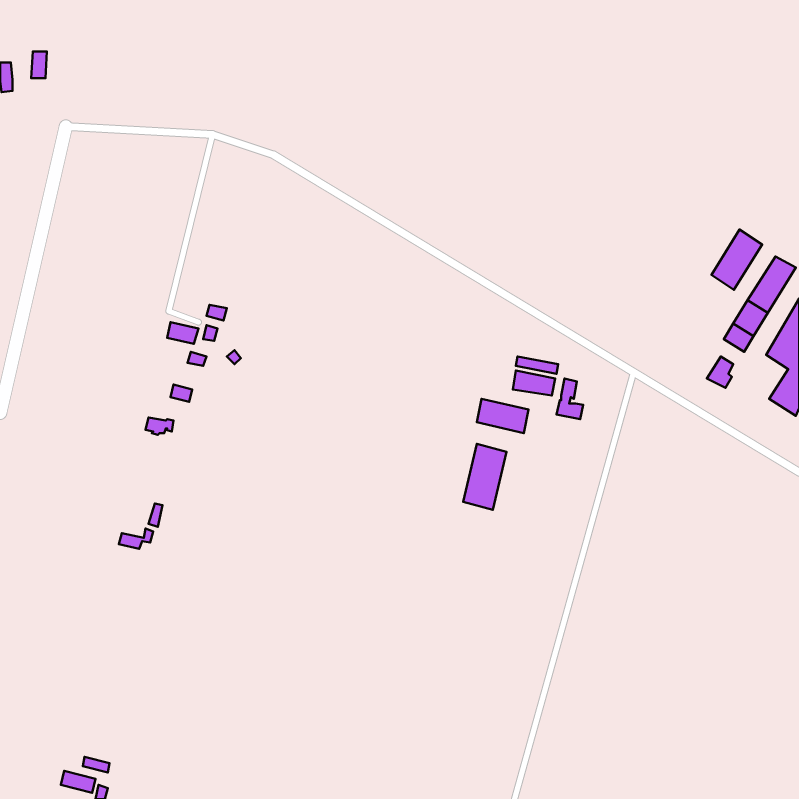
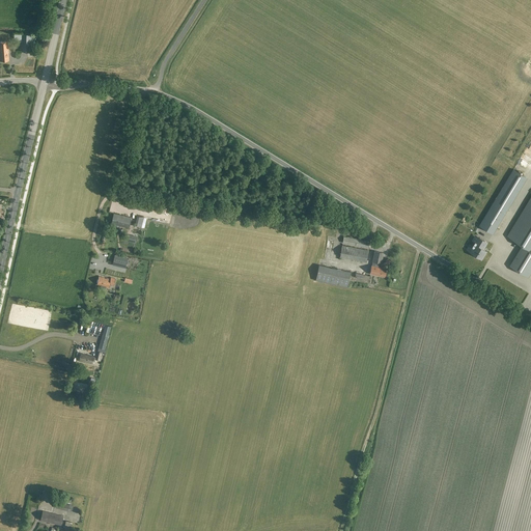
building: [711,229,762,290] -> none
building: [463,444,506,510] -> none

